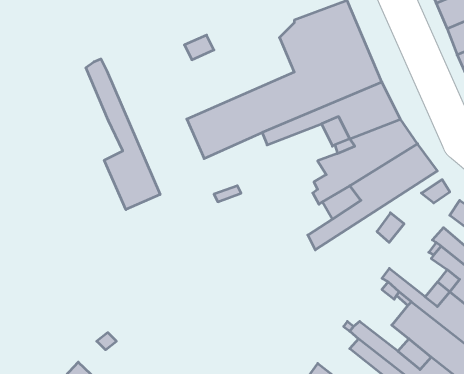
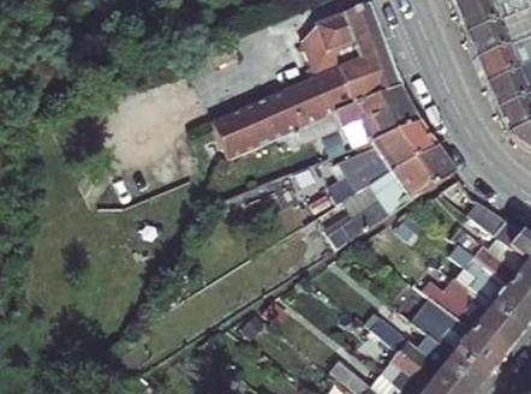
building: [86,59,160,210] -> none

